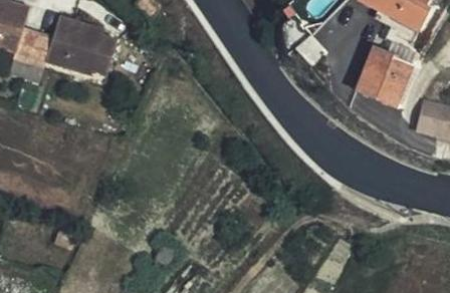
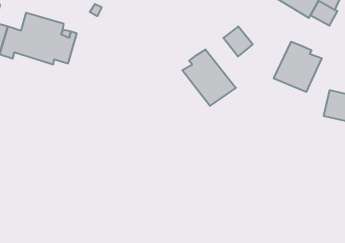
building: none -> [182,49,236,106]

